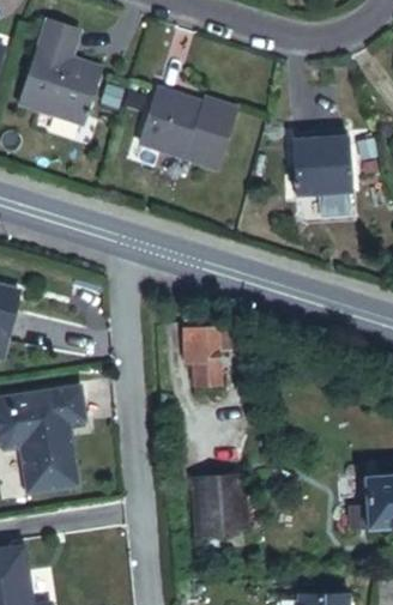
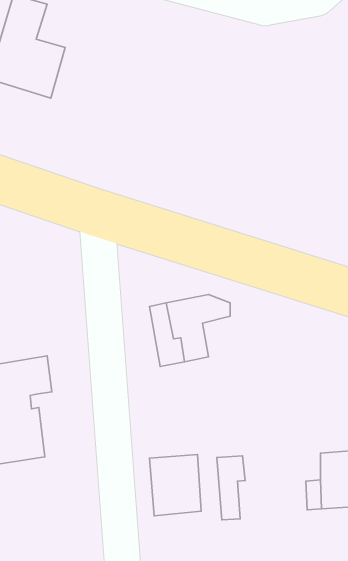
building: [140,84,240,167] -> none
building: [291,129,350,216] -> none
building: none -> [217,456,245,520]

